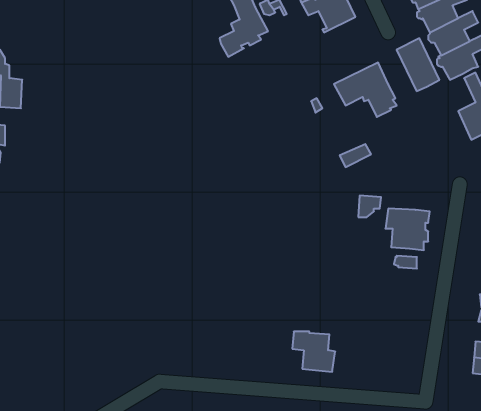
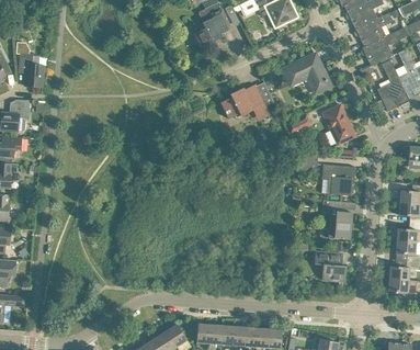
building: [397,38,439,91] -> [322,103,355,144]
building: none -> [220,83,266,118]
building: none -> [329,212,352,237]
building: [292,332,335,372] -> [314,250,347,281]

